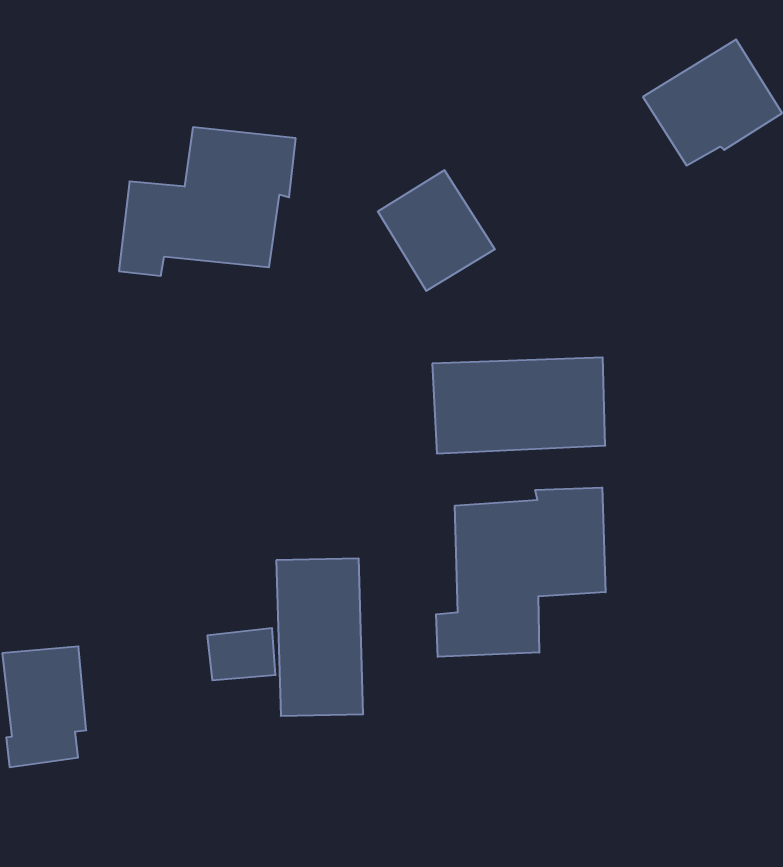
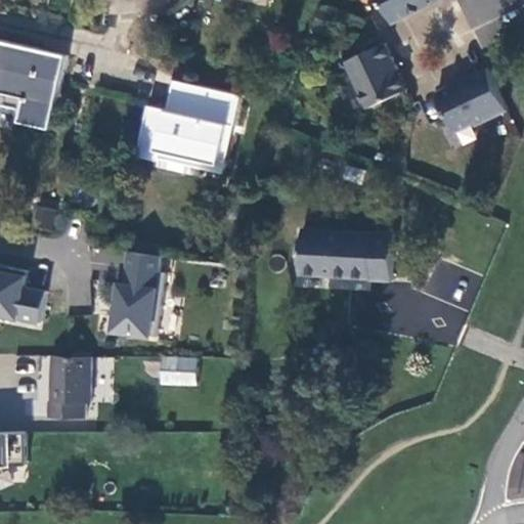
building: [378,170,495,291] -> [344,45,405,110]
building: [436,487,606,657] -> none
building: [276,558,363,716] -> [104,252,157,341]

